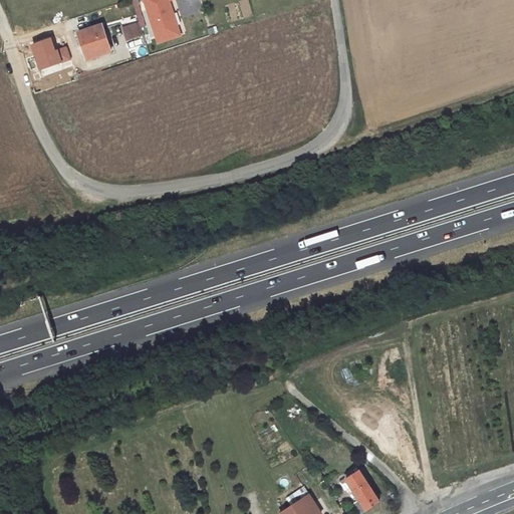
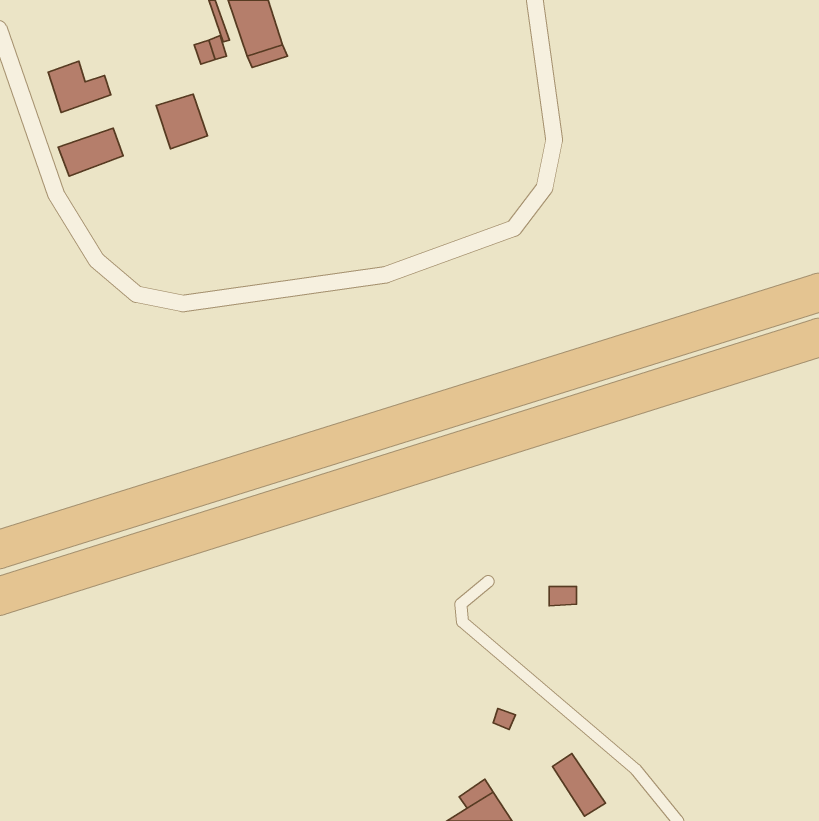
building: [77,25,109,59] -> [156,94,208,149]
building: none -> [58,128,123,176]

